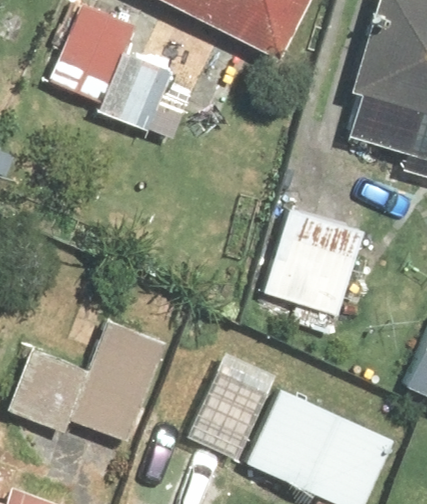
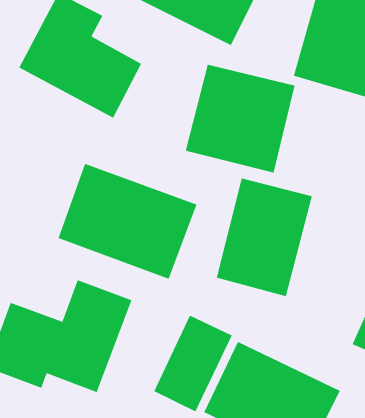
building: none -> [185,64,296,174]
building: none -> [58,163,197,280]

